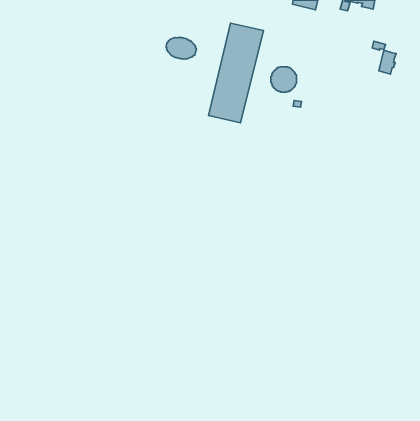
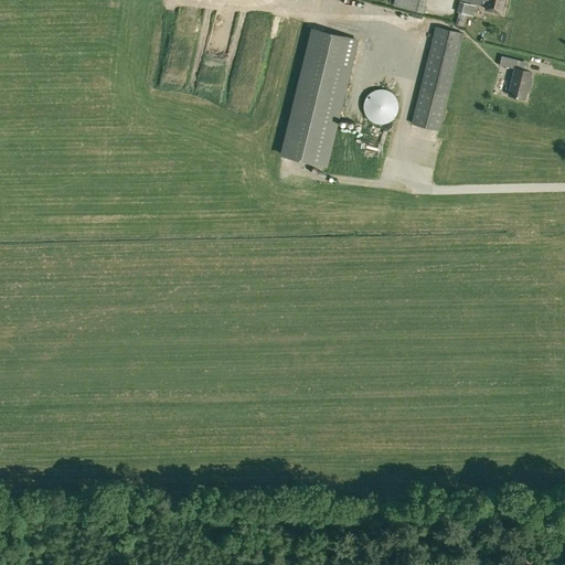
building: none -> [413,28,462,130]
building: [166,37,196,59] -> none

